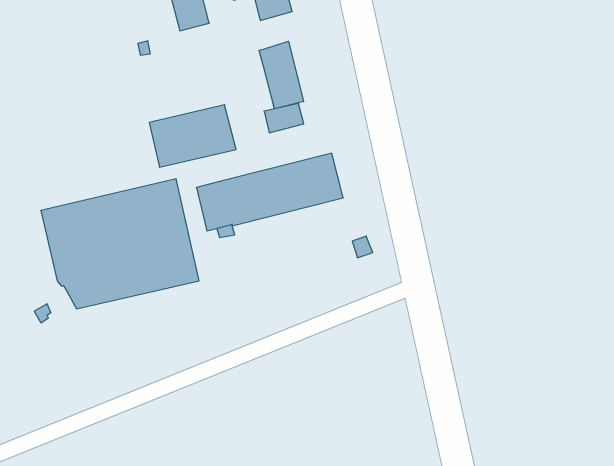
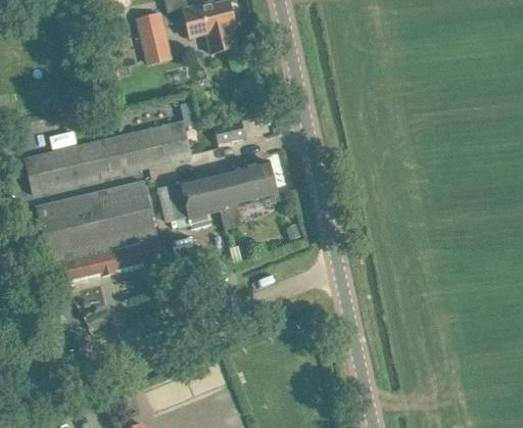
building: [259,41,304,109] -> none
building: none -> [23,135,130,194]

